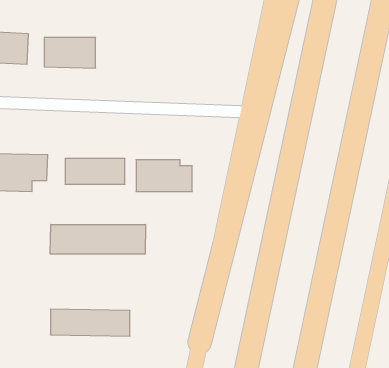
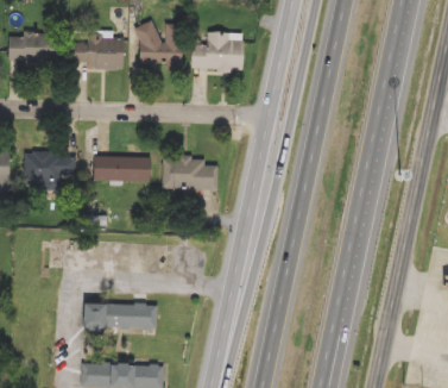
building: none -> [138,26,181,67]
building: none -> [190,32,241,71]
building: [50,224,145,254] -> none

